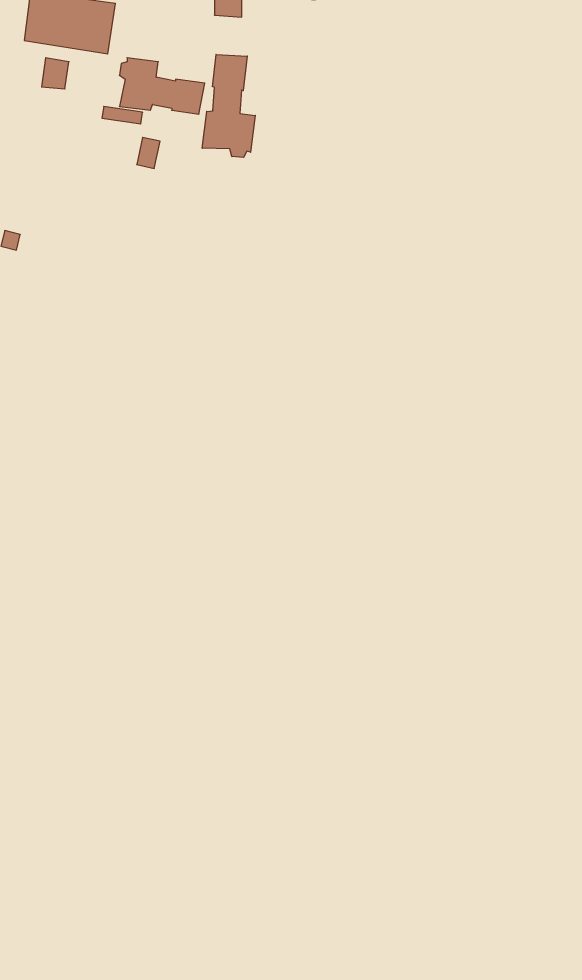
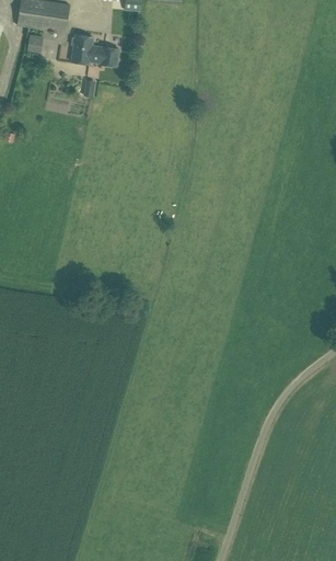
building: [202,54,255,157] -> none

